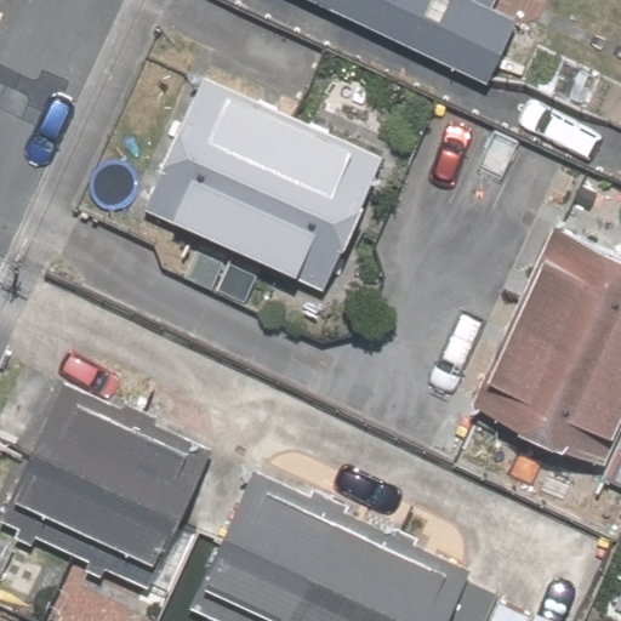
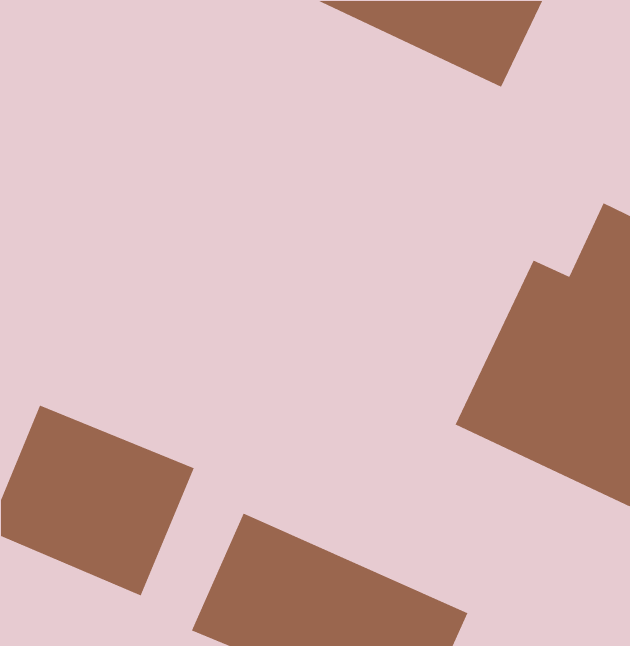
building: [161,78,387,289] -> none

